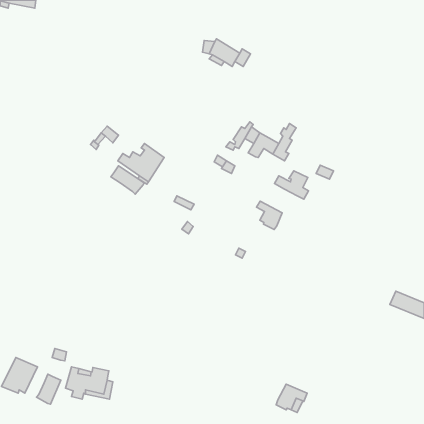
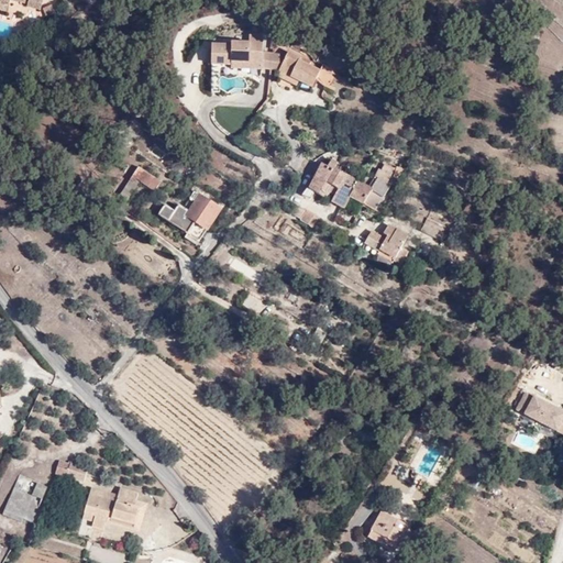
building: none -> [211,35,263,65]
building: [111,166,144,194] -> none
building: [257,201,282,229] -> none
building: [37,374,61,404] -> none

